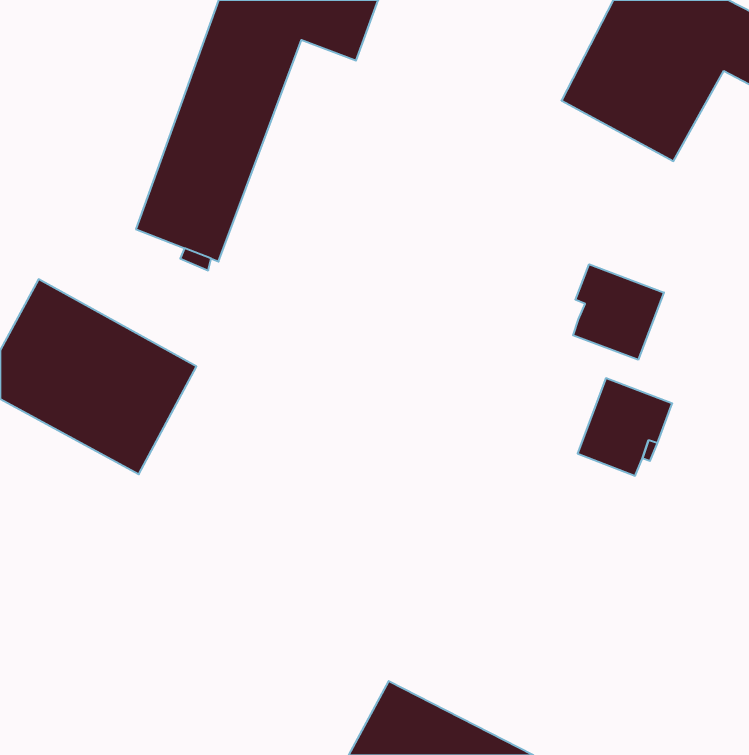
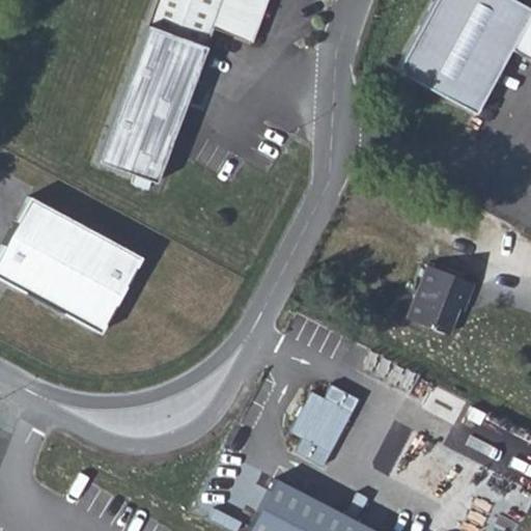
building: [573,264,664,360] -> none
building: none -> [291,384,360,466]

